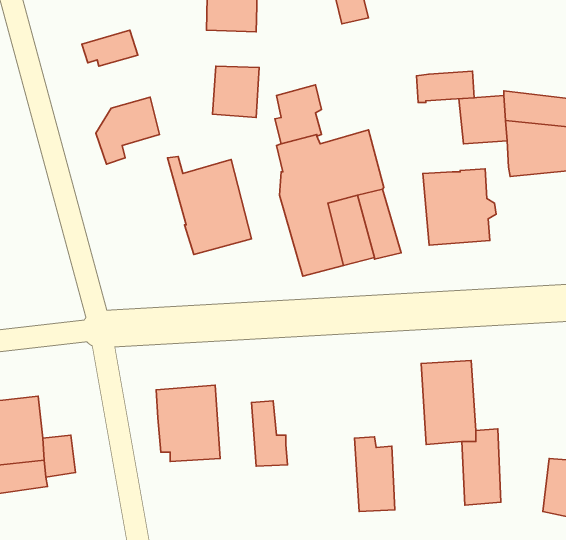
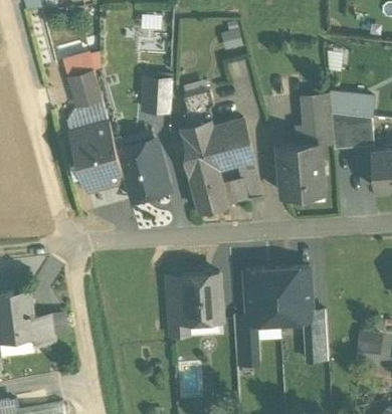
building: none -> [68,70,102,105]
building: [417,71,474,102] -> [296,126,333,146]
building: none -> [73,122,125,190]
building: none -> [244,269,279,324]
building: [156,385,220,462] -> [180,272,221,322]

